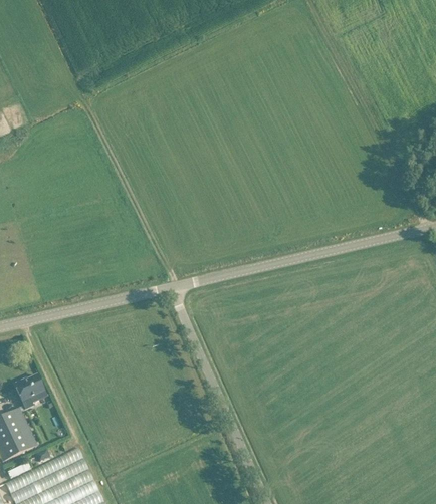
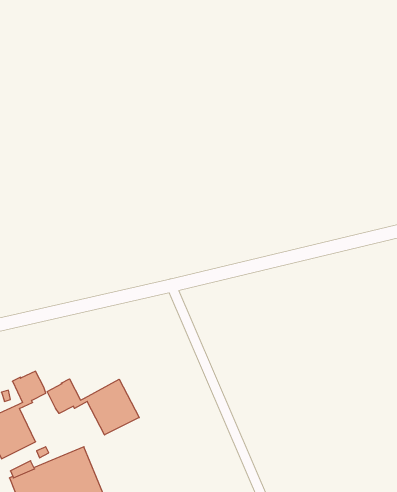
building: none -> [47,379,139,435]

